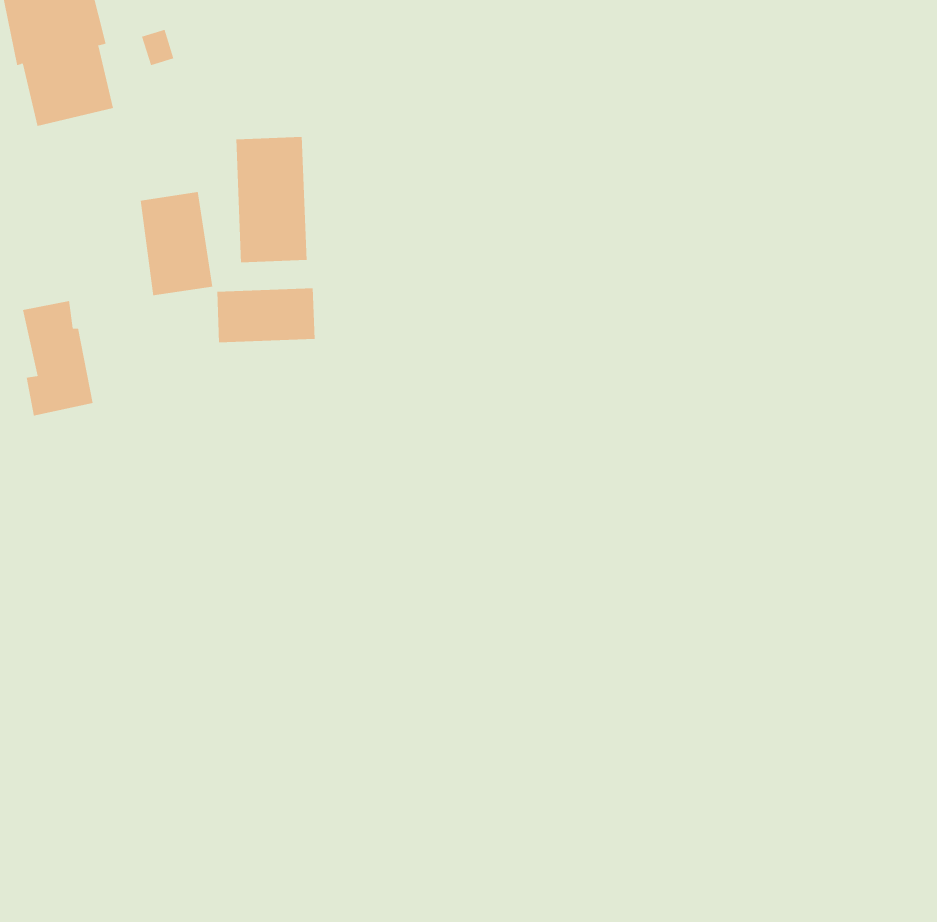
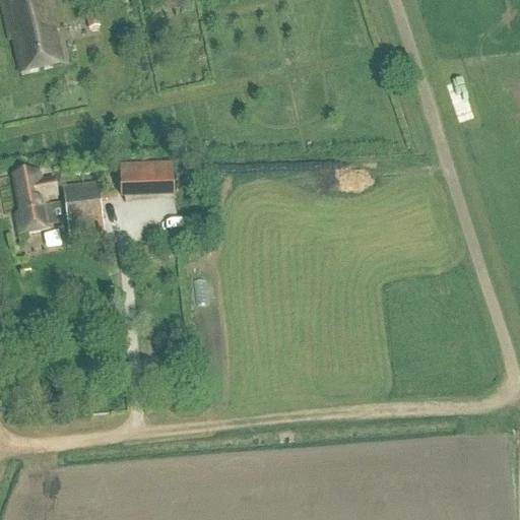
building: [236,136,307,263] -> none
building: [140,191,213,296] -> [63,179,104,237]

